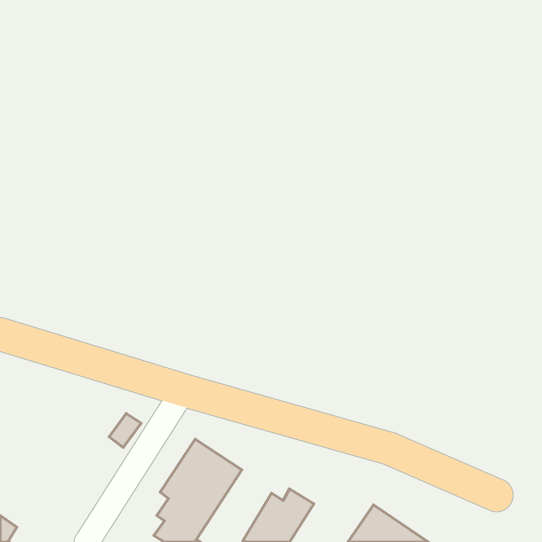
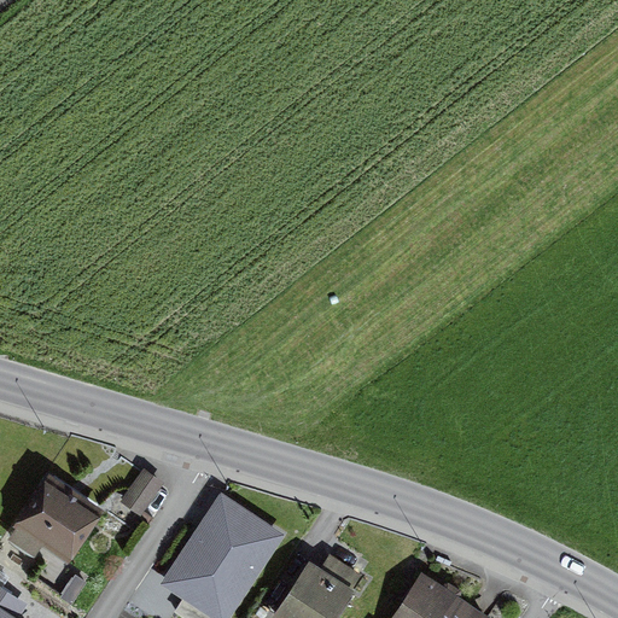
building: none -> [12,482,93,552]

